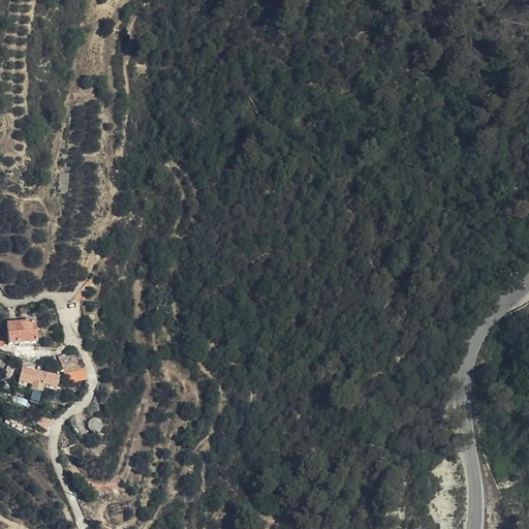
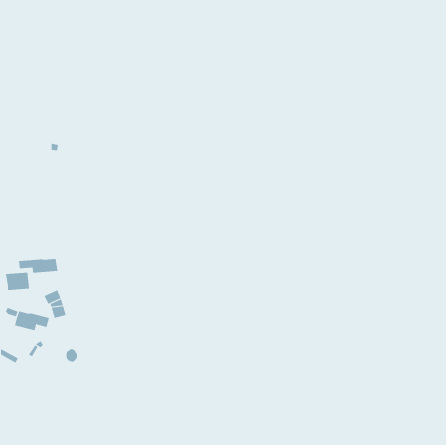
building: none -> [18,258,58,274]

